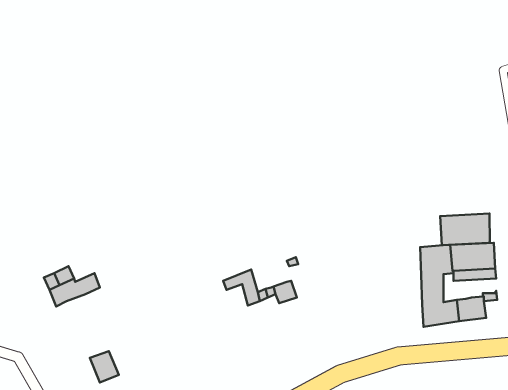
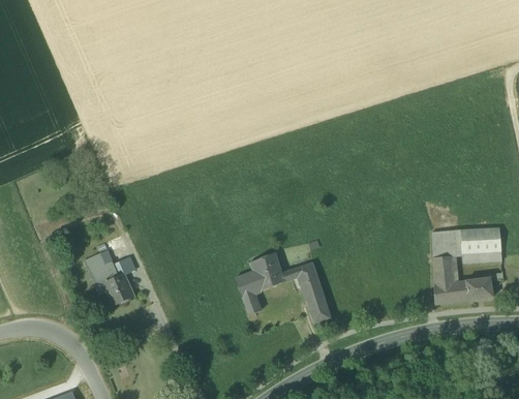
building: [440,214,490,245] -> none
building: none -> [235,266,272,314]
building: none -> [301,278,330,324]
building: [90,351,119,383] -> [104,275,131,304]

